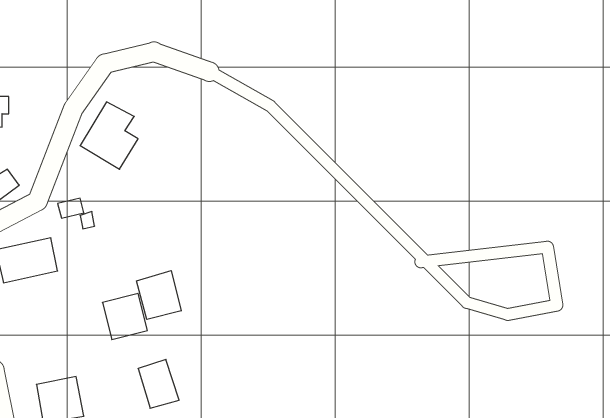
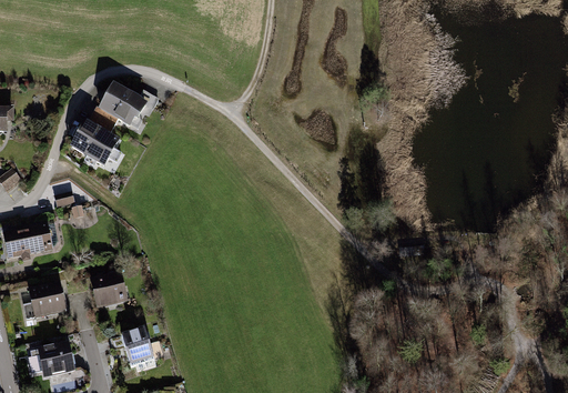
building: none -> [94,81,156,130]
building: [136,271,181,319] -> none
building: none -> [26,282,68,321]

